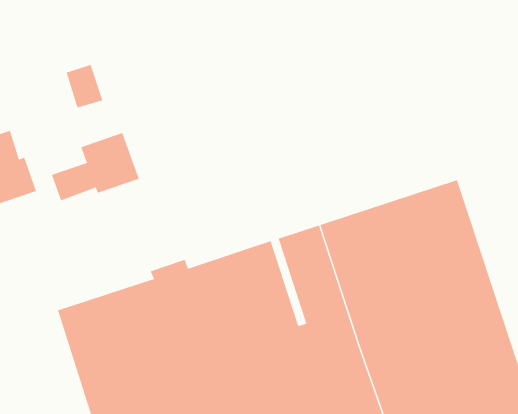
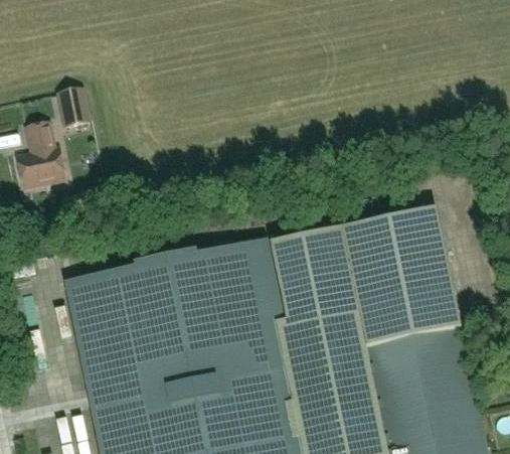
building: [66,64,103,108] -> [57,89,88,126]
building: [51,132,139,201] -> none

